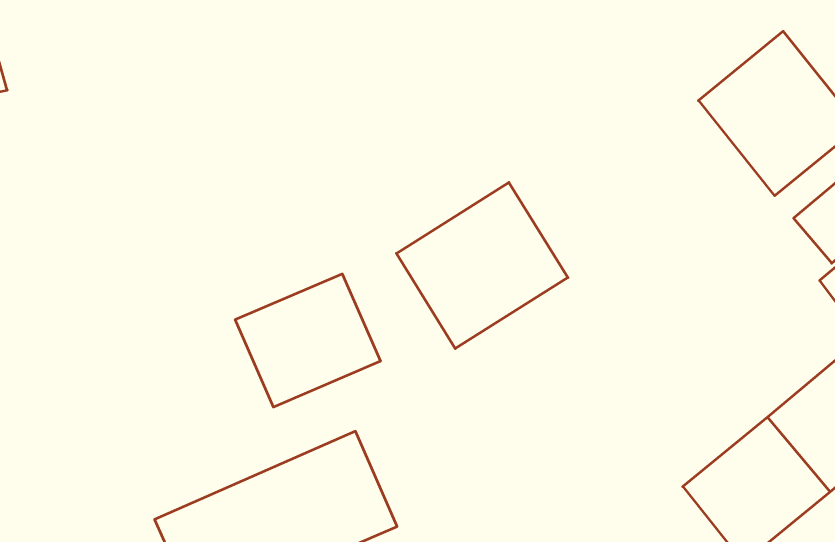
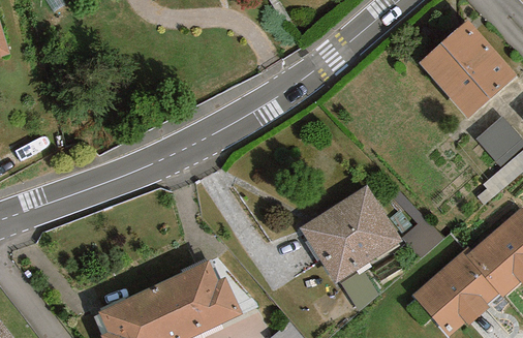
building: [396,182,568,349] -> [298,186,400,285]
building: [235,274,380,407] -> none

